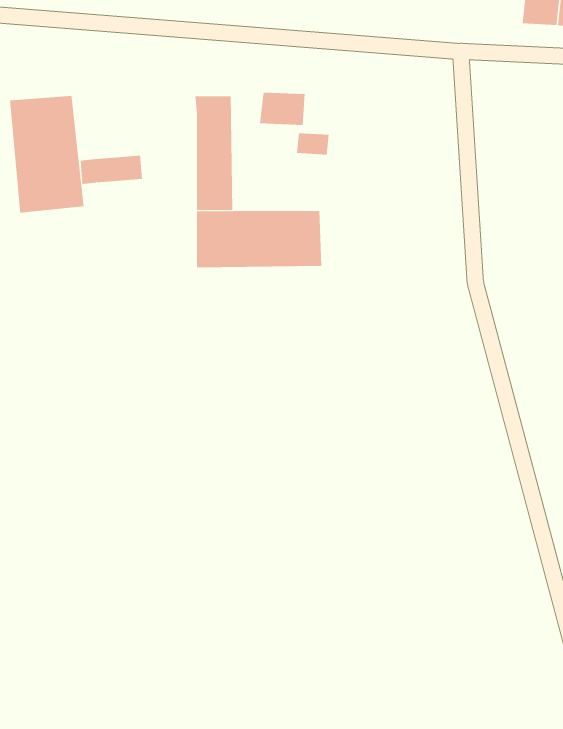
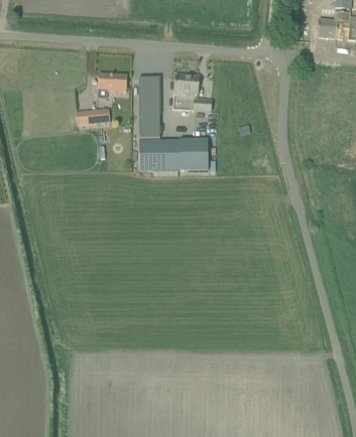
building: none -> [98,75,127,93]
building: [10,95,84,214] -> none

